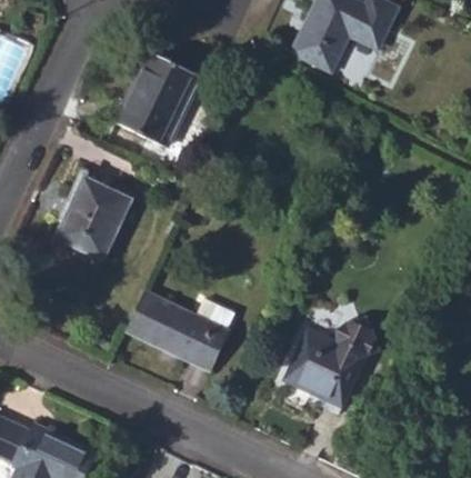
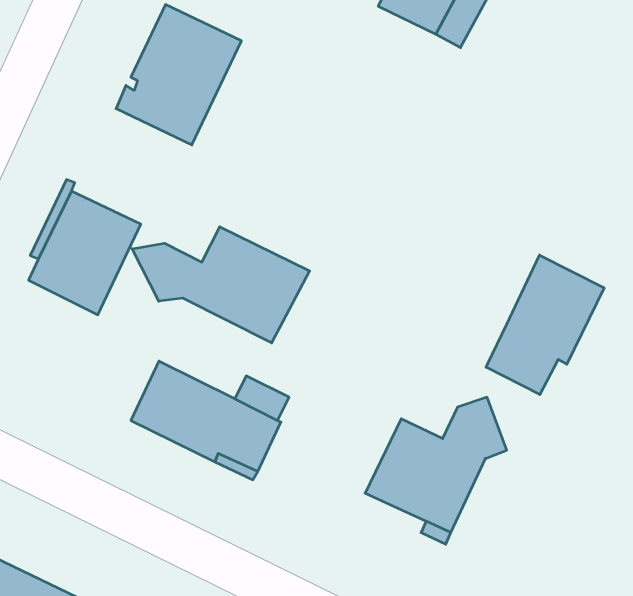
building: none -> [132,227,310,343]
building: none -> [486,255,604,395]

